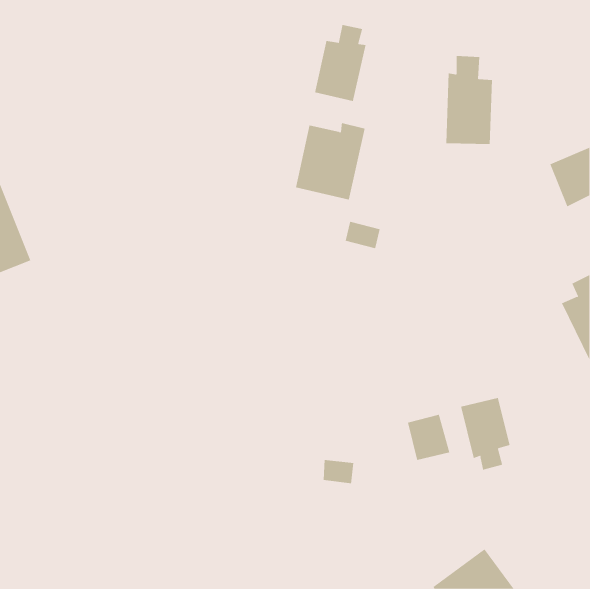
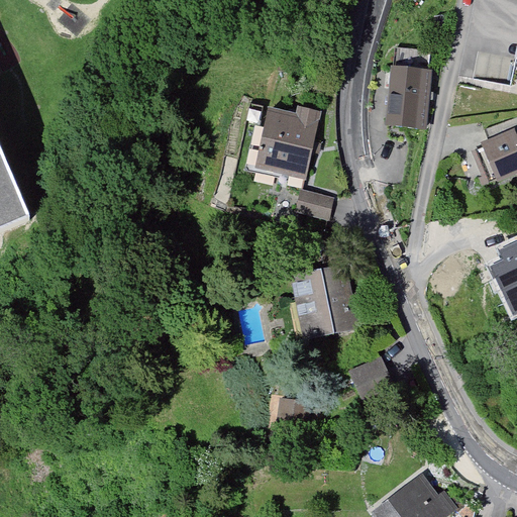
building: [315,24,366,102] -> none
building: none -> [297,265,353,331]
building: [461,397,510,470] -> none

